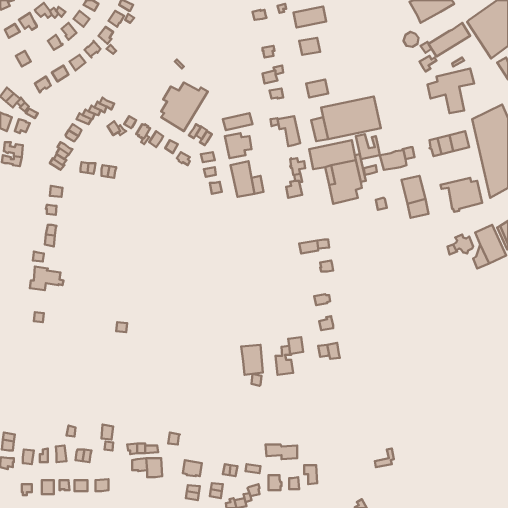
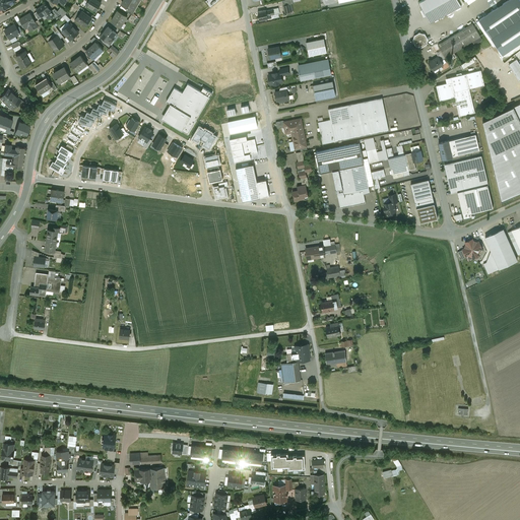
building: [293,7,326,28] -> [298,59,331,80]
building: none -> [444,156,489,189]
building: [241,345,263,375] -> none

